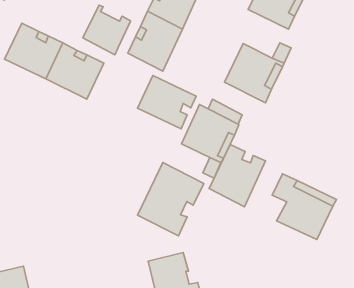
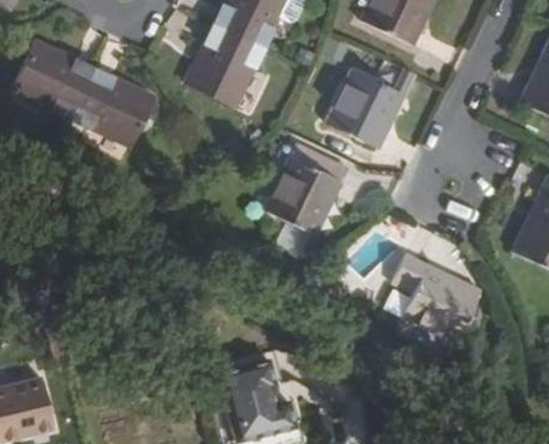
building: [83,5,130,55] -> none
building: [137,76,196,129] -> none
building: [209,145,265,207] -> none
building: [137,163,204,236] -> none

